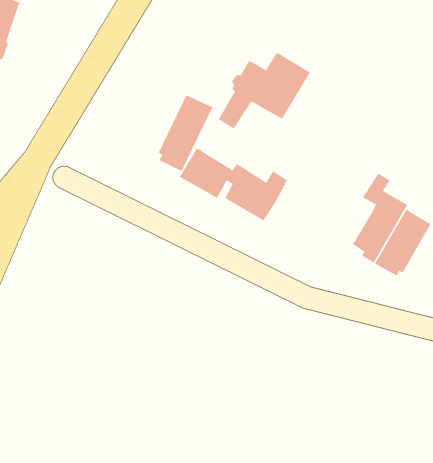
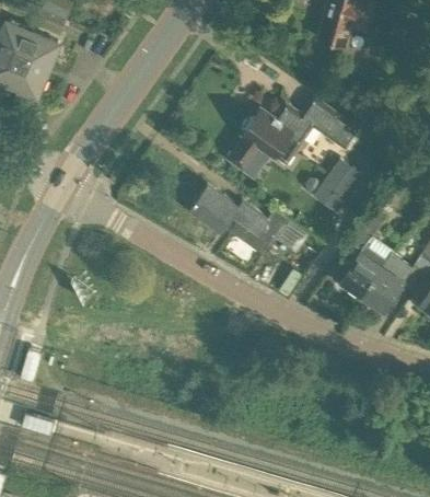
building: none -> [313,107,359,150]
building: [158,95,213,172] -> none
building: none -> [315,161,361,211]

